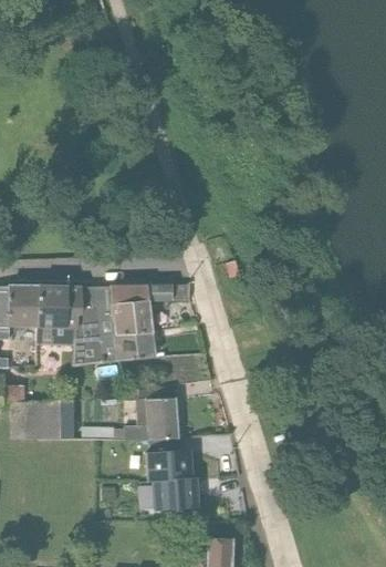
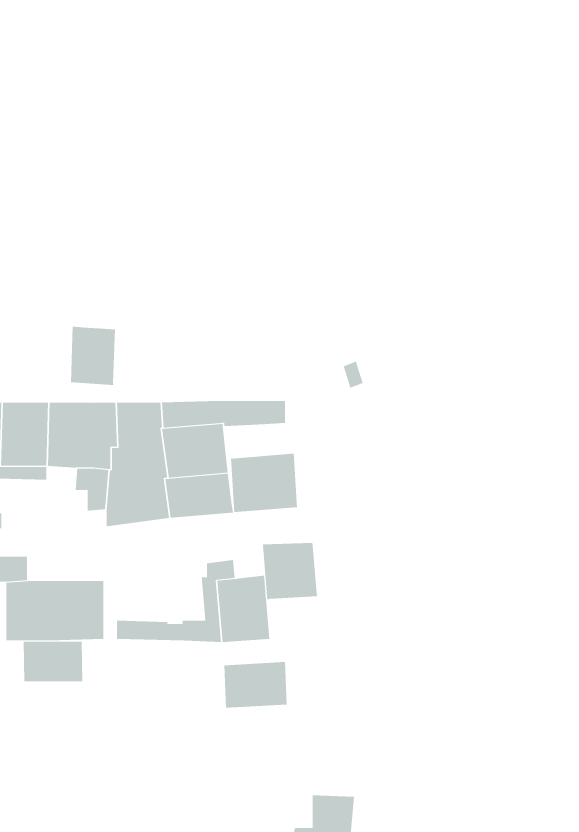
building: none -> [71,326,115,386]
building: none -> [231,453,297,513]
building: none -> [262,542,317,600]
building: none -> [23,641,83,682]
building: [150,481,198,508] -> none

